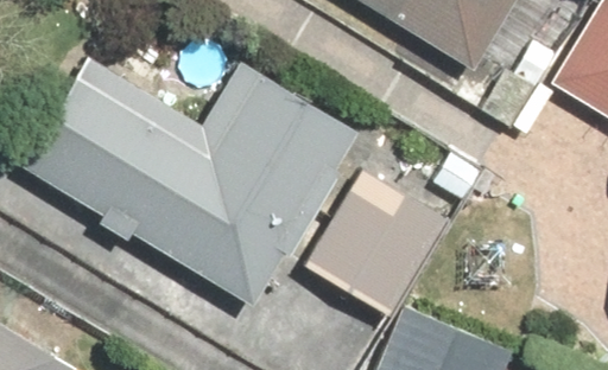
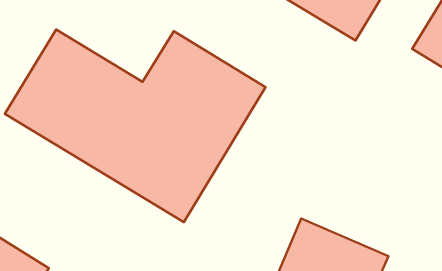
building: [306,178,445,319] -> none

